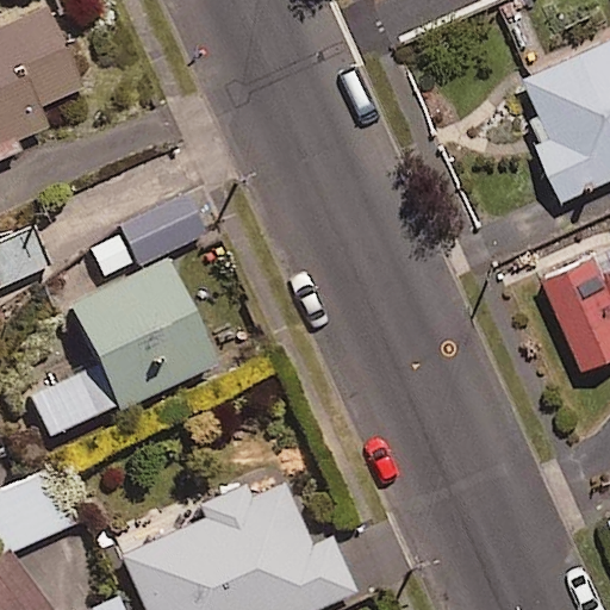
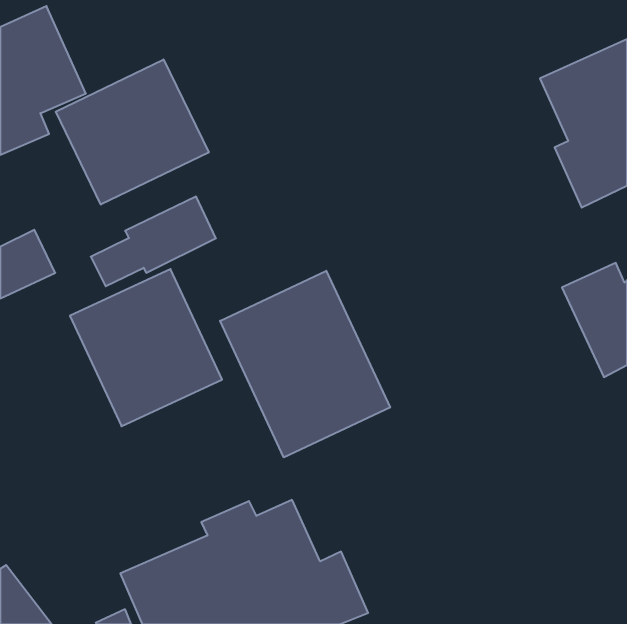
building: none -> [56,59,209,205]
building: none -> [220,271,390,457]

